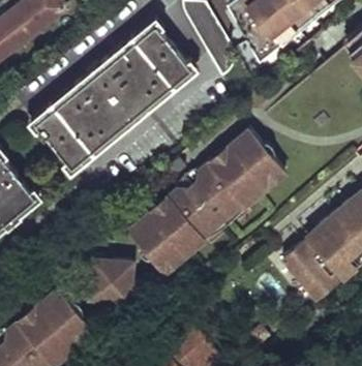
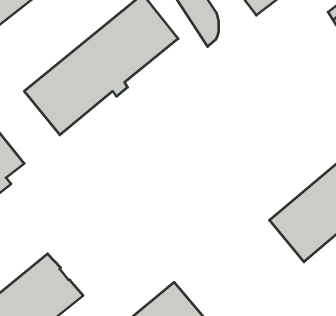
building: [126,129,284,274] -> none
building: [90,261,132,302] -> none

